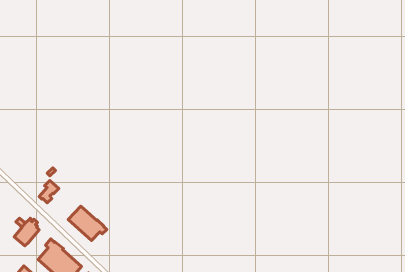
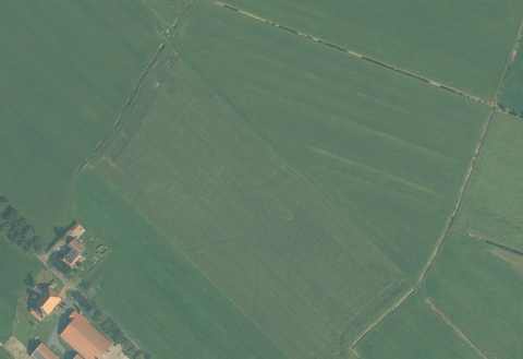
building: [68,206,107,240] -> none

